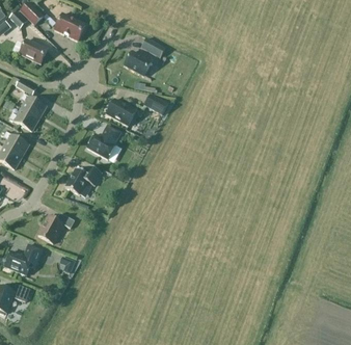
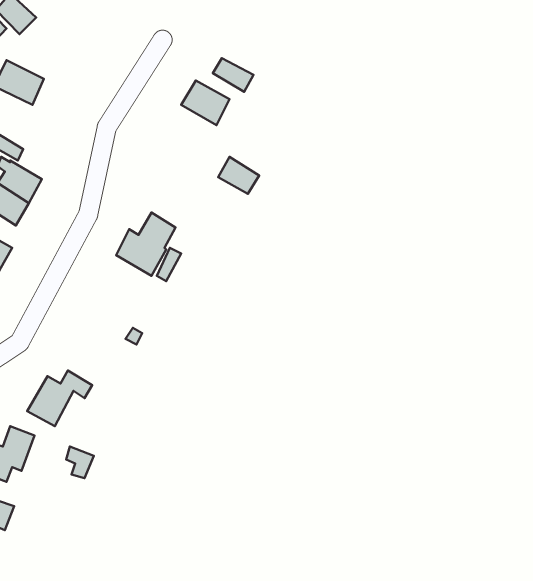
building: [54,12,86,41] -> none
building: [106,98,136,125] -> none
building: [64,164,102,194] -> none

